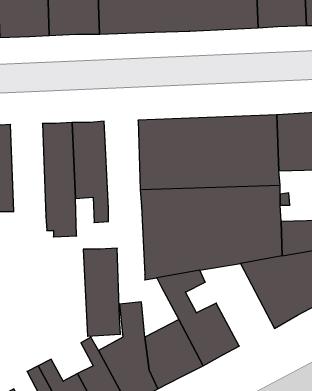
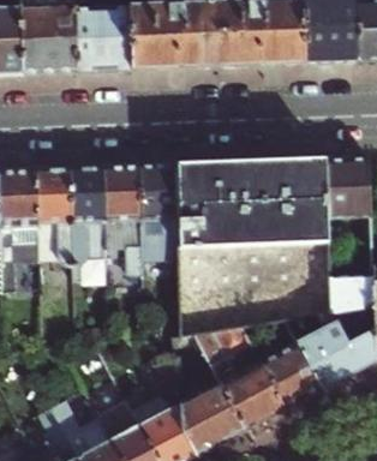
building: none -> [35,166,73,267]
building: [83,248,121,336] -> [137,162,178,258]
building: none -> [259,341,323,408]

